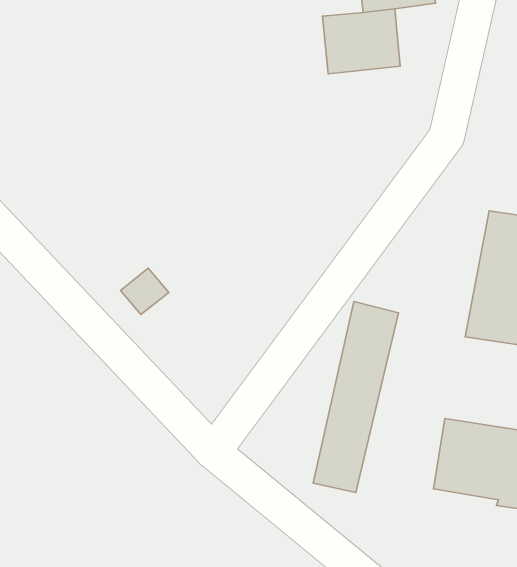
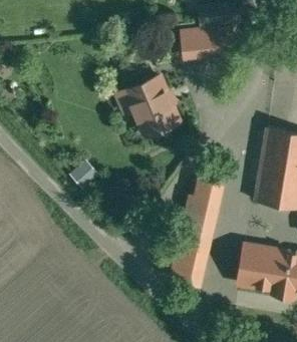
building: none -> [122,76,177,136]

